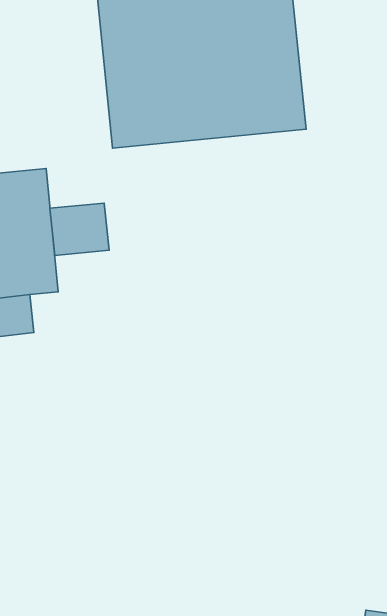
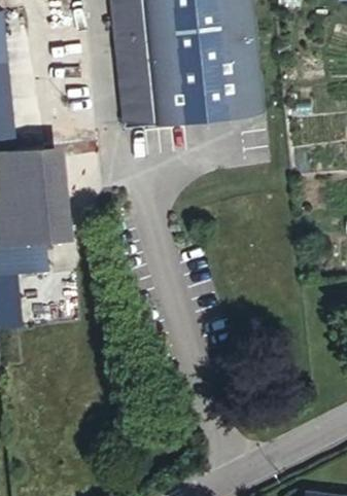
building: [50,203,109,255] -> none

